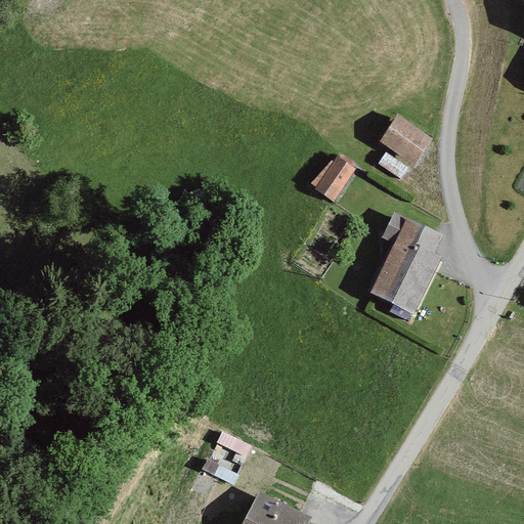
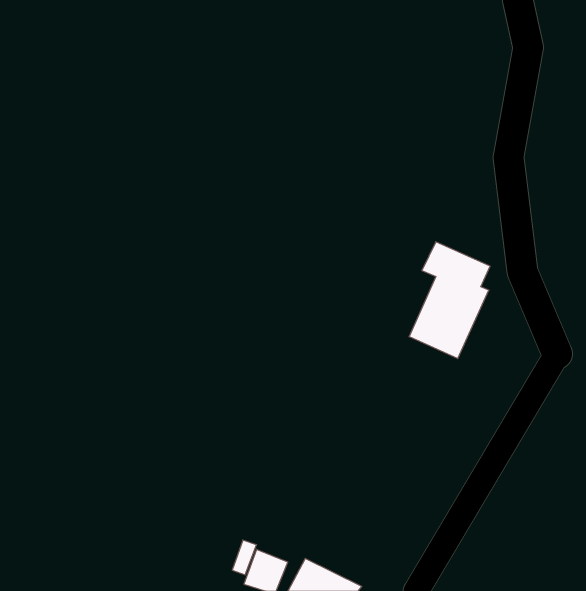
building: [380,116,433,166] -> none
building: [314,156,356,203] -> none

